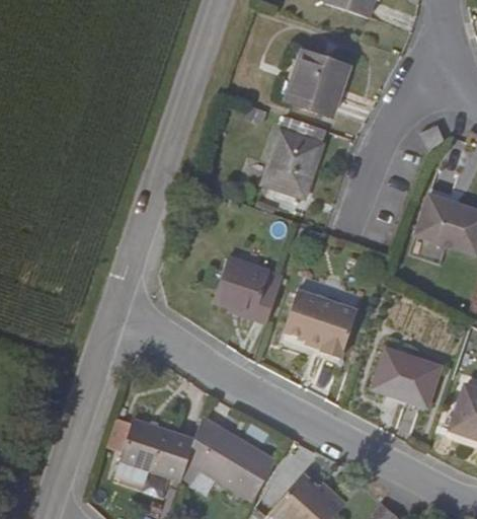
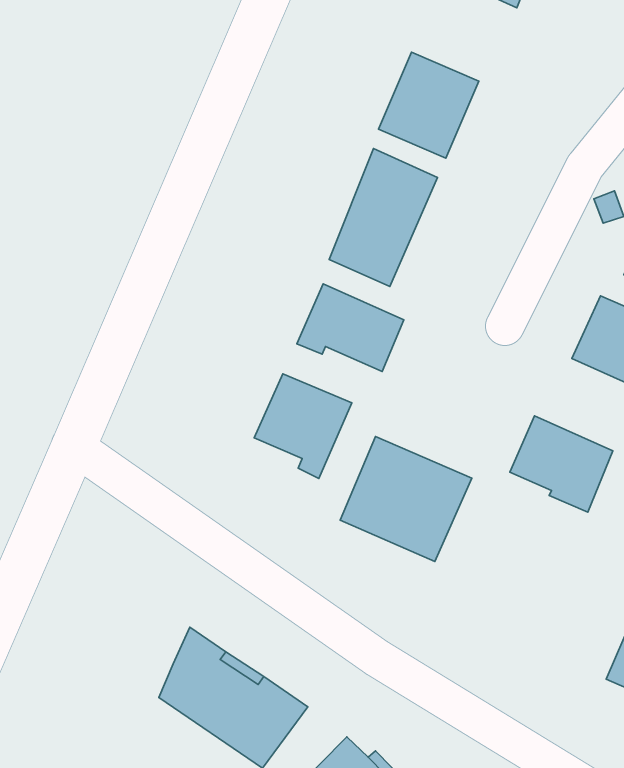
building: none -> [297,284,404,371]
building: [378,352,440,407] -> [510,416,613,512]
building: [113,419,189,481] -> none

